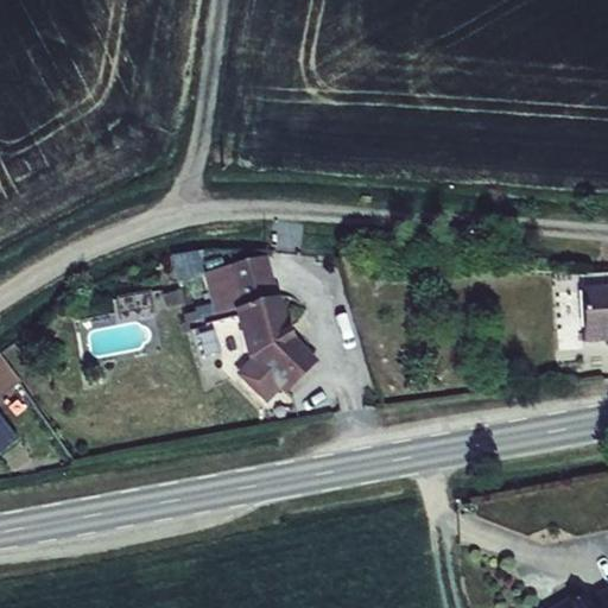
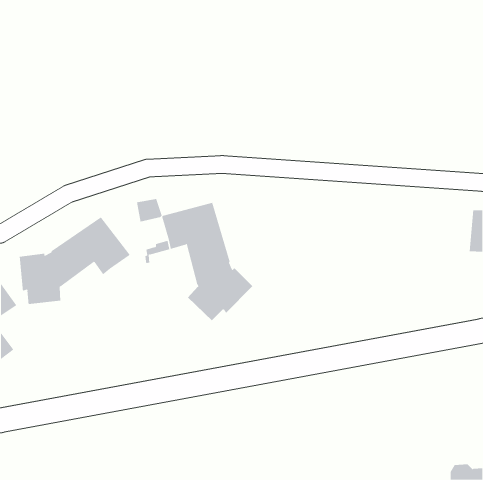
building: none -> [19,217,130,305]

